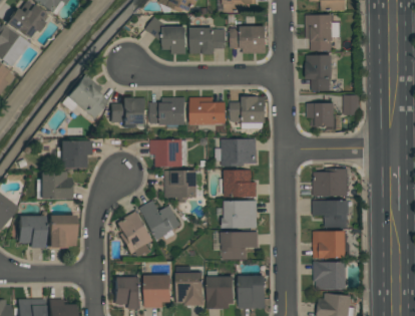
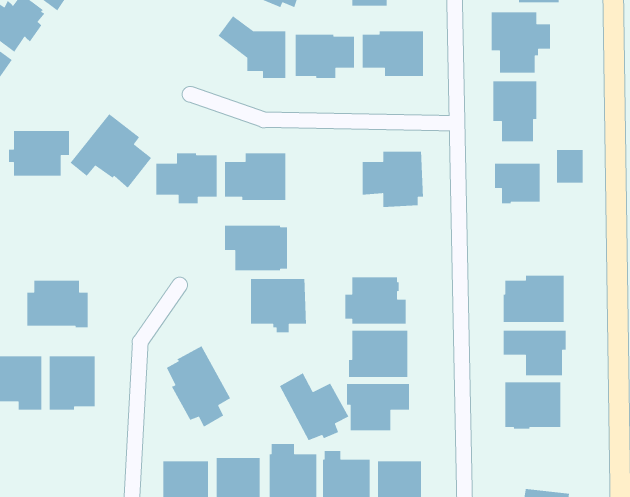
building: [189,97,226,124] -> none
building: [215,139,256,167] -> none
building: [55,140,91,168] -> [8,130,70,176]
building: [139,200,180,240] -> [279,372,349,441]
building: [313,261,346,289] -> none

